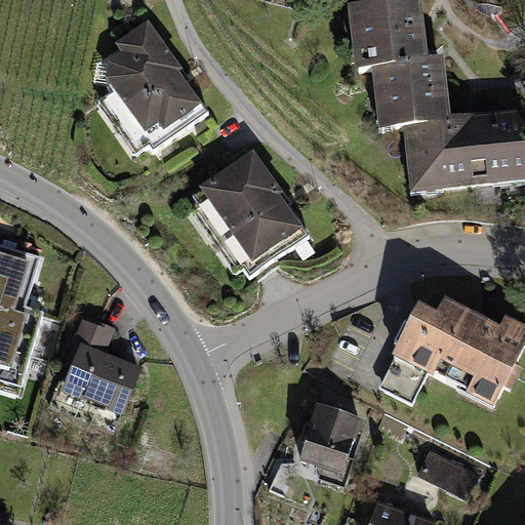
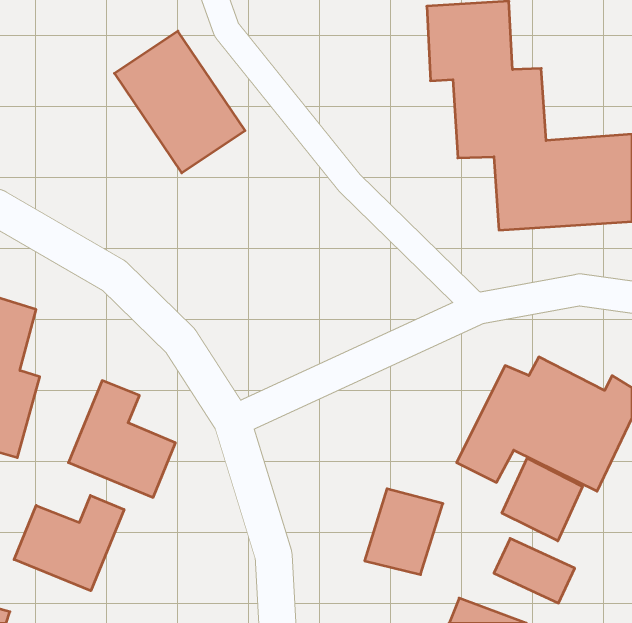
building: [196,152,305,265] -> none
building: none -> [502,458,582,541]
building: none -> [14,495,124,591]

